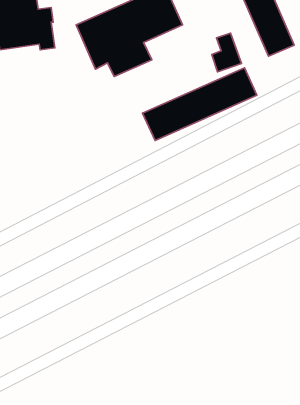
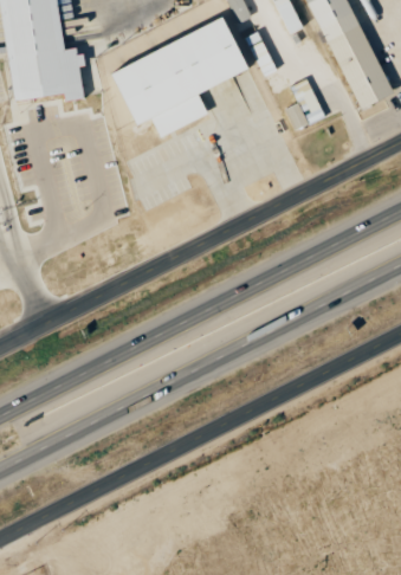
building: [143,68,257,141] -> none

